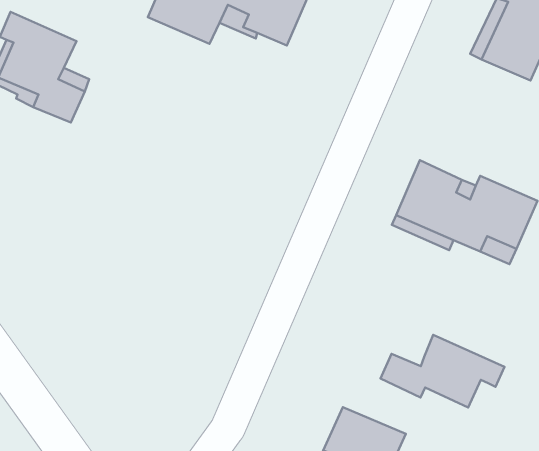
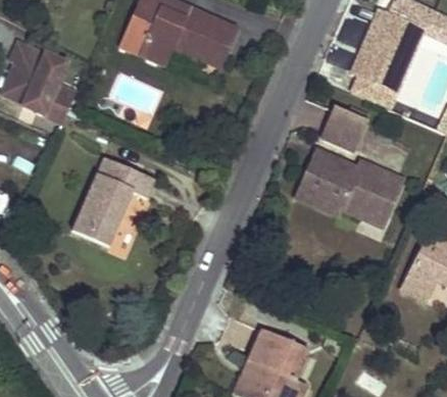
building: none -> [324,106,365,147]
building: none -> [69,156,152,246]
building: [381,335,504,408] -> none

